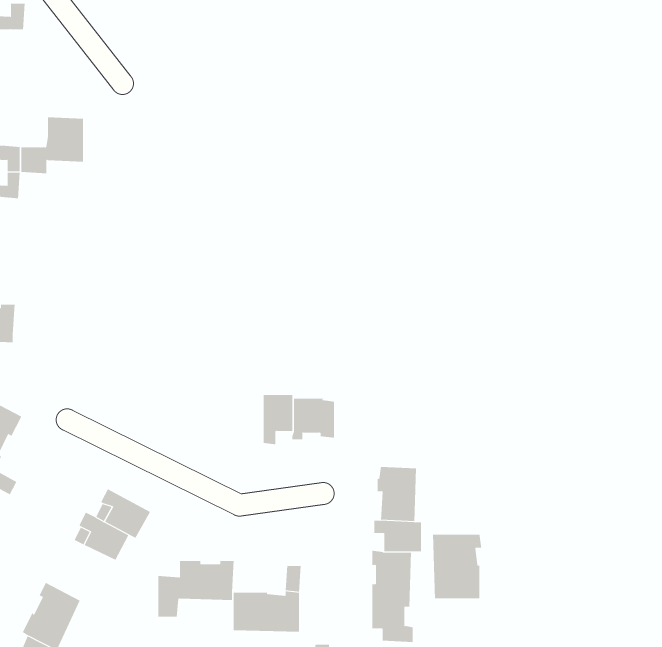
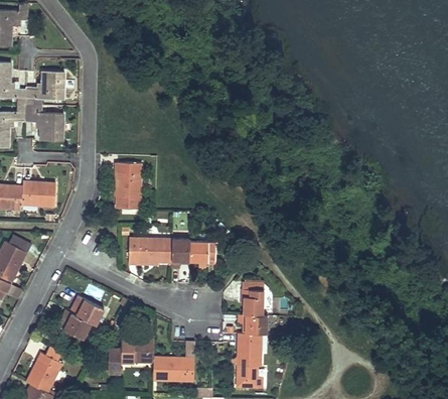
building: none -> [24,105,62,140]
building: none -> [115,163,140,209]
building: none -> [21,180,55,205]
building: none -> [129,238,171,263]
building: [433,534,482,599] -> none

